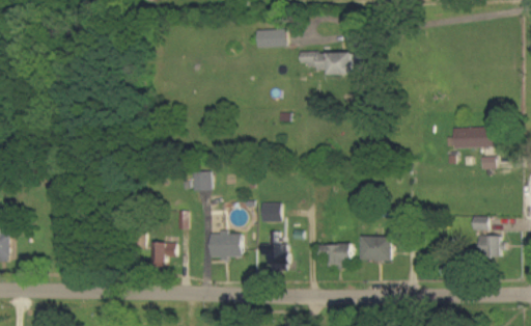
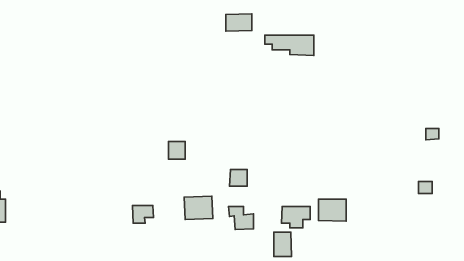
building: [451,127,497,147] -> none
building: [477,236,500,254] -> none
building: none -> [274,232,292,256]

